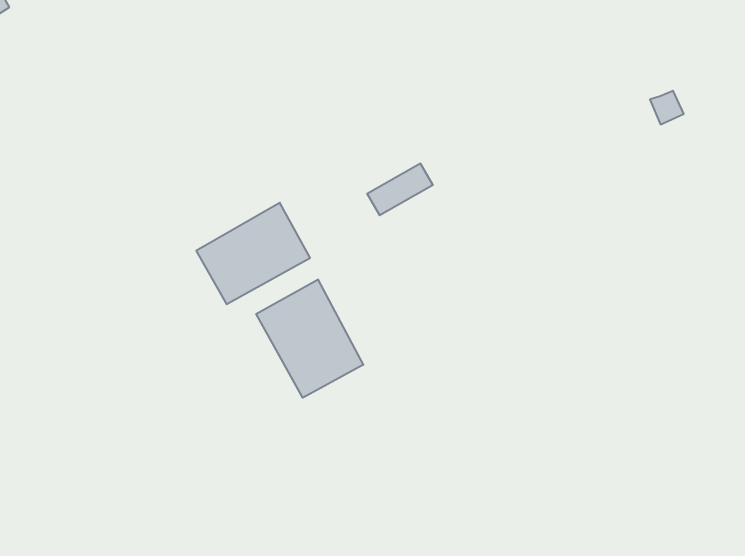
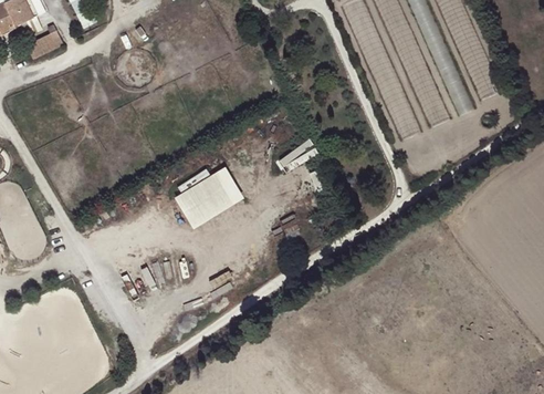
building: [256,279,363,398] -> none

